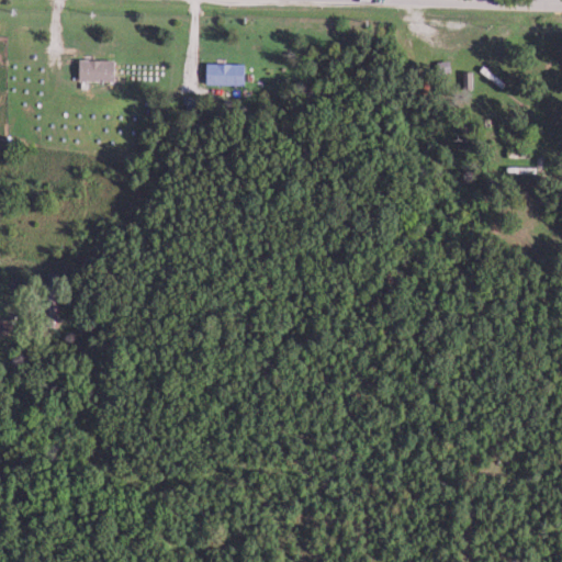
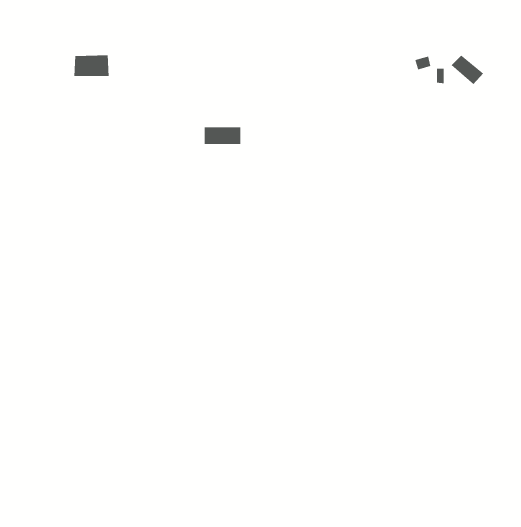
building: [205,66,245,85] -> [204,127,241,144]

